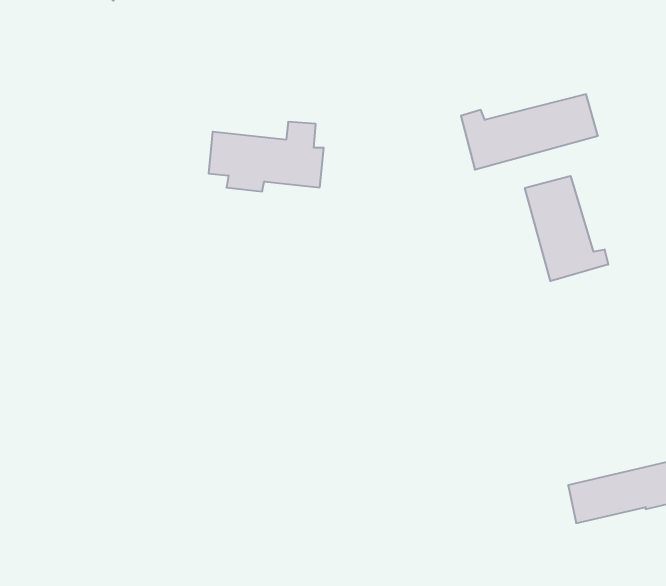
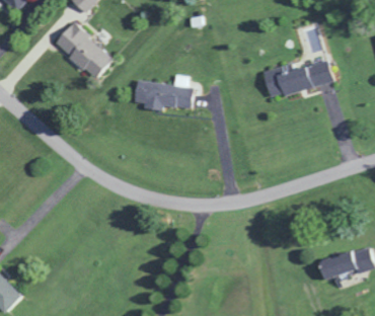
building: none -> [55,21,112,79]
building: [525,176,608,281] -> none

